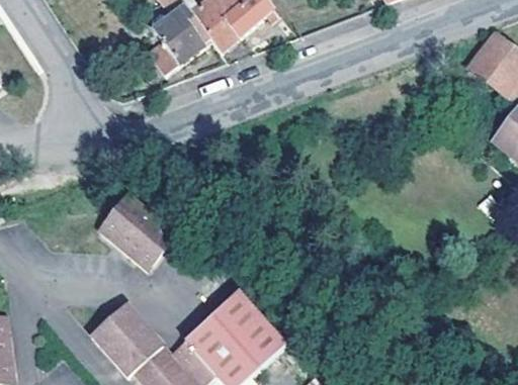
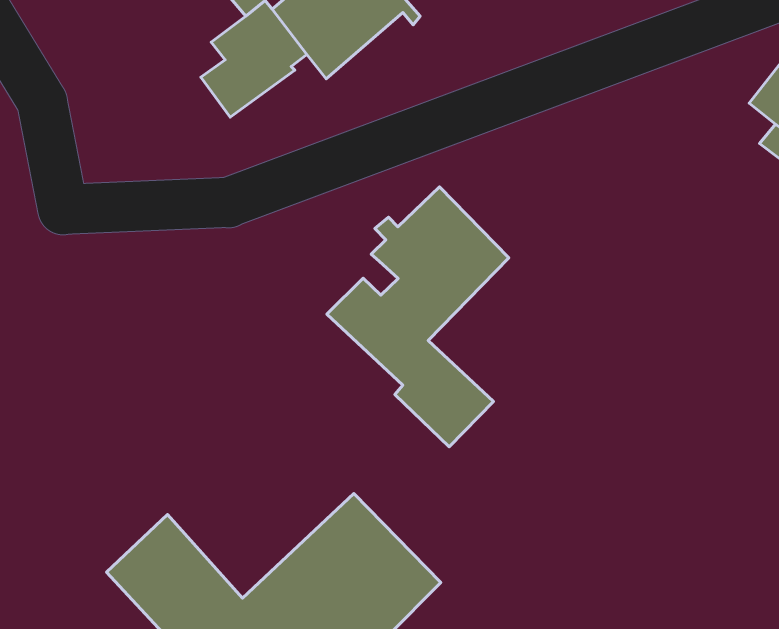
building: none -> [327,187,509,447]
building: [100,200,172,267] -> none

